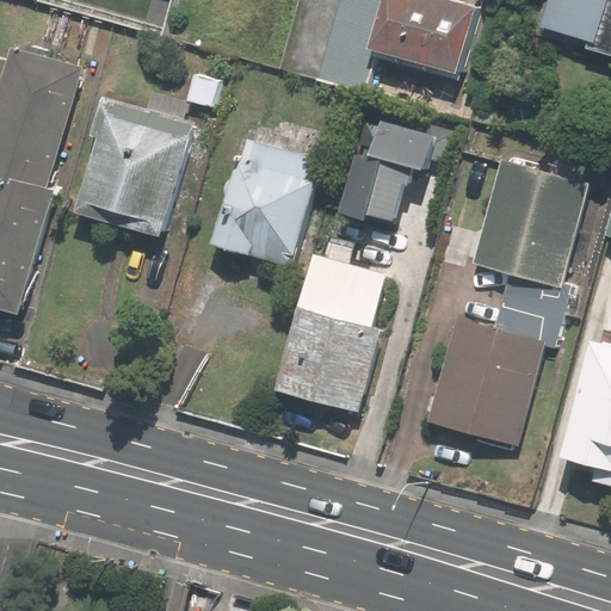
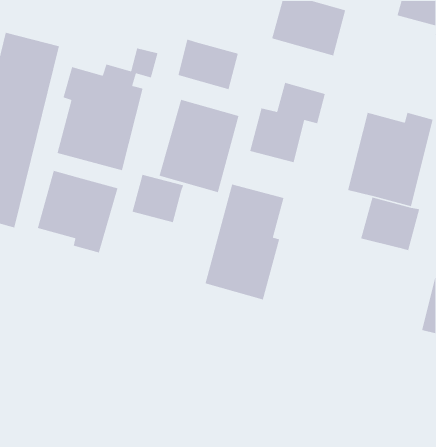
building: none -> [177,39,239,90]
building: none -> [37,170,118,253]
building: none -> [131,174,184,223]
building: [428,320,541,443] -> none

